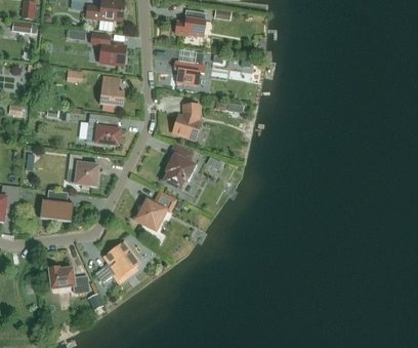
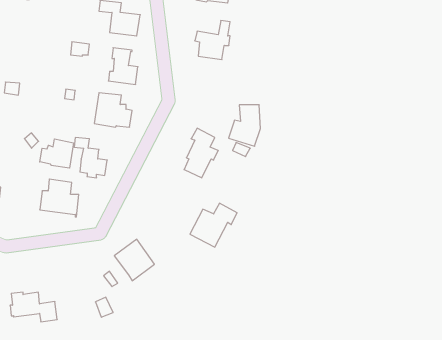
building: [173,103,201,139] -> [229,105,260,146]
building: none -> [40,139,73,168]
building: [134,192,175,230] -> [190,203,237,247]
building: [48,267,89,293] -> [10,292,57,322]

